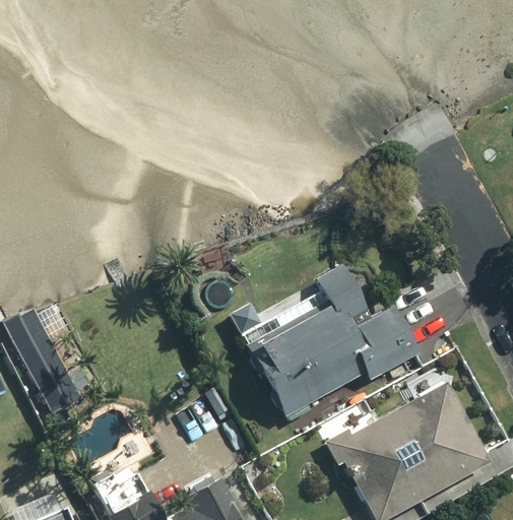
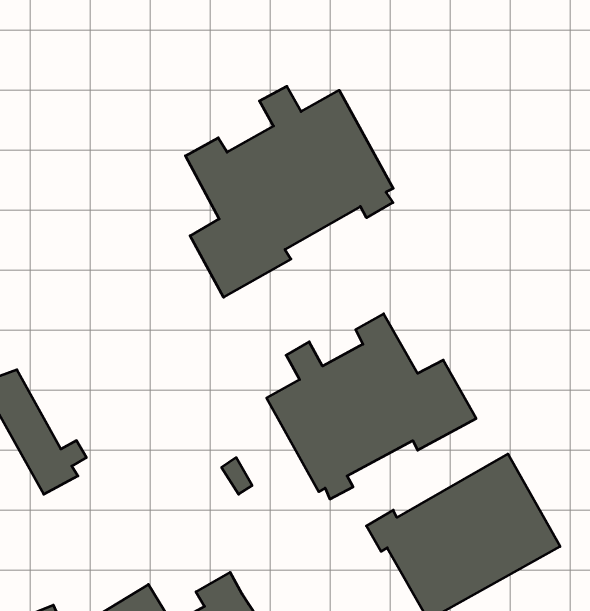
building: none -> [185,86,393,297]

